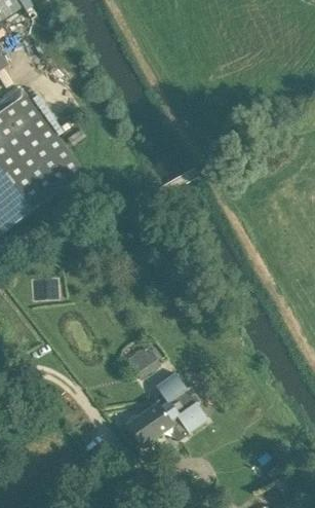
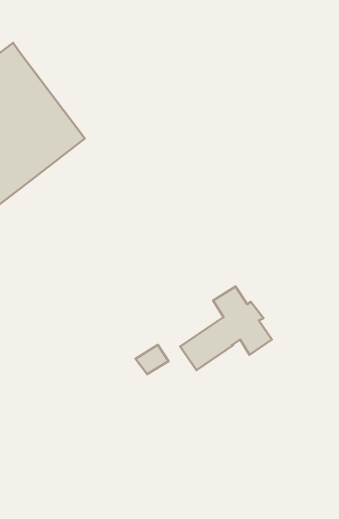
building: [127,373,207,446] -> [180,286,272,370]

